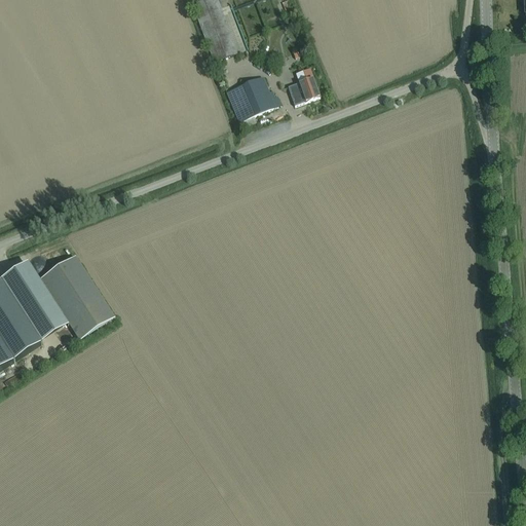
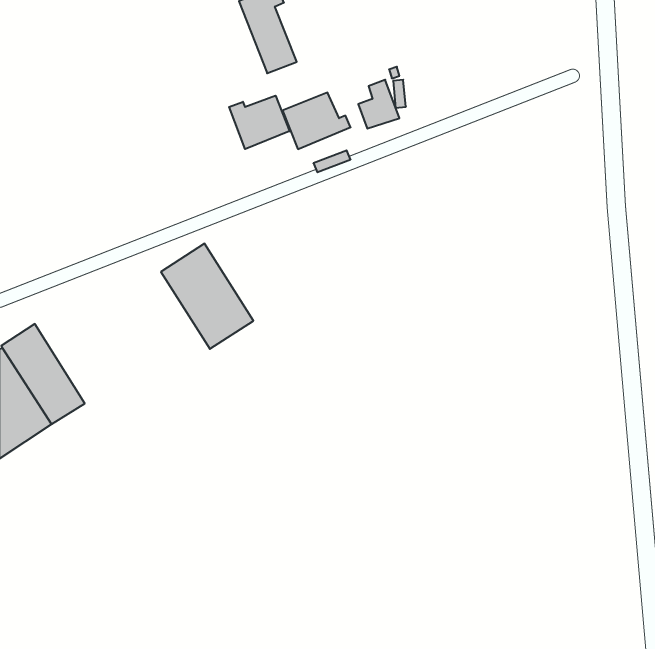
building: none -> [229,96,290,149]
building: [40,253,114,337] -> [161,244,253,349]

